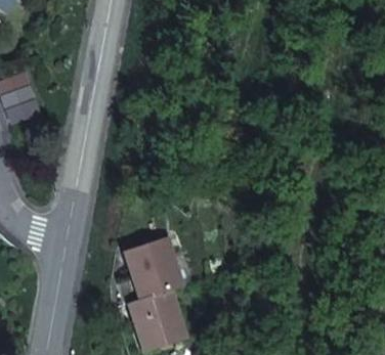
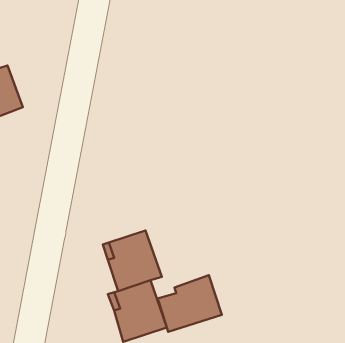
building: none -> [157,275,222,332]

